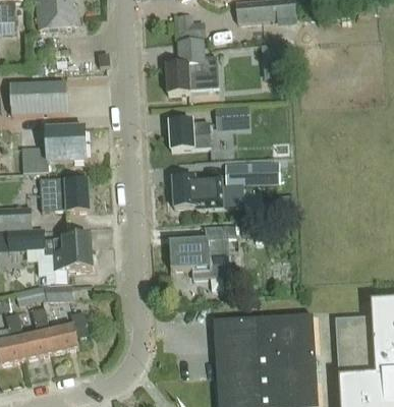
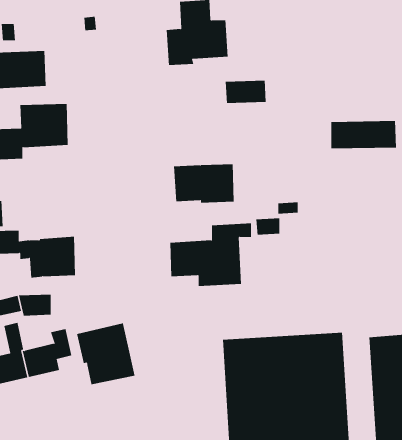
building: [169,120,210,150] -> none
building: [225,161,280,184] -> [331,121,397,149]
building: [39,177,89,212] -> none
building: none -> [77,323,135,385]

